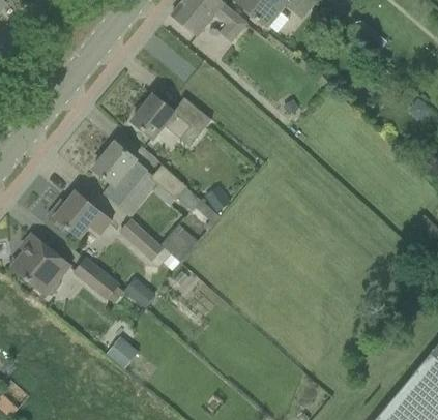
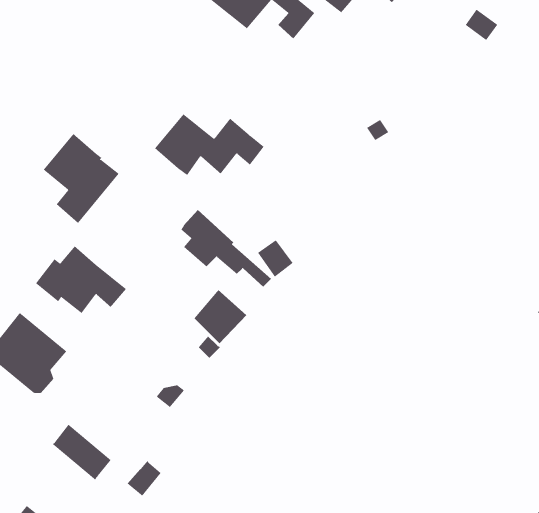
building: [93,143,148,207] -> [43,133,120,223]
building: [119,218,163,260] -> none
building: [74,259,116,299] -> [52,424,112,481]

